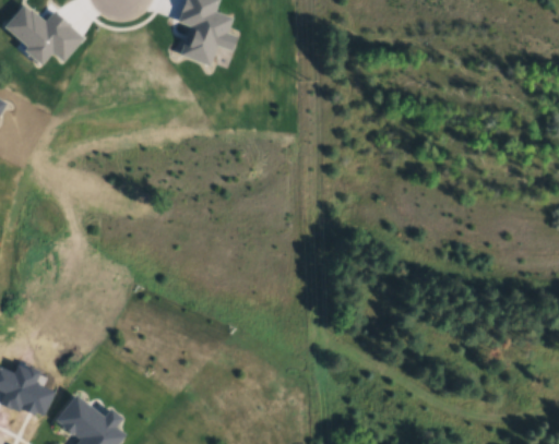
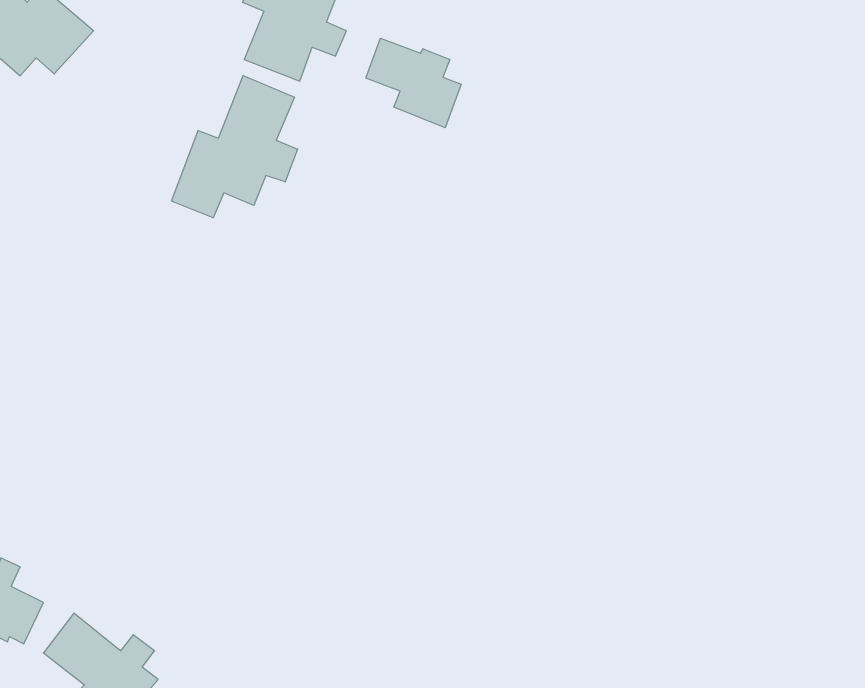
building: none -> [366,38,461,128]
building: none -> [171,76,298,218]

